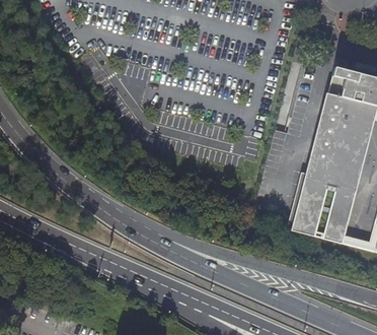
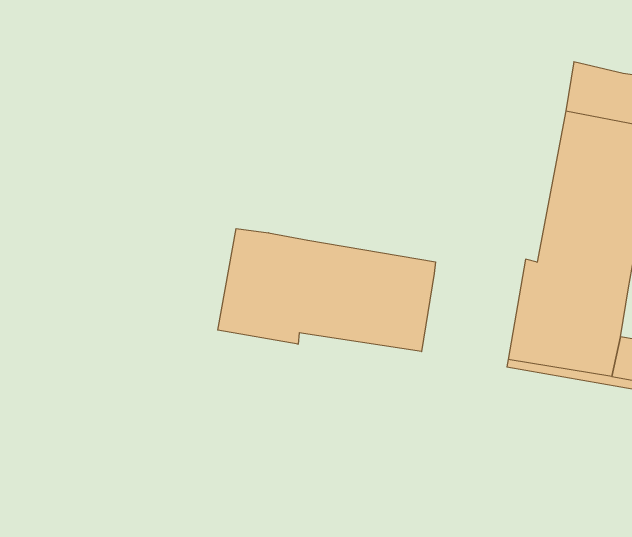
building: none -> [218,229,435,352]

